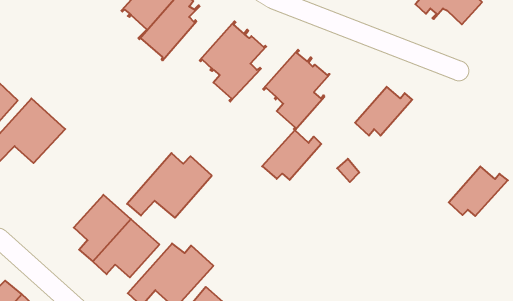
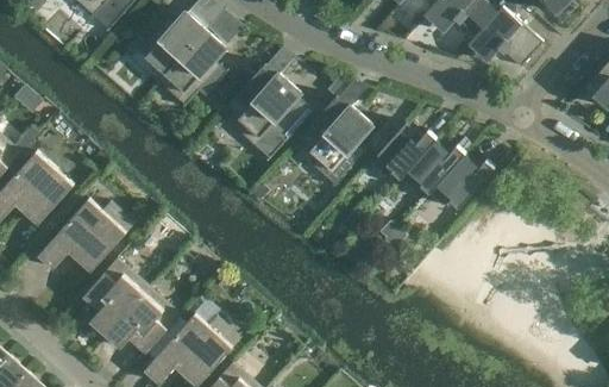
building: [262,130,321,180] -> [369,123,435,179]
building: [127,153,212,218] -> [38,199,133,271]
building: [449,166,508,216] -> [428,152,495,208]

